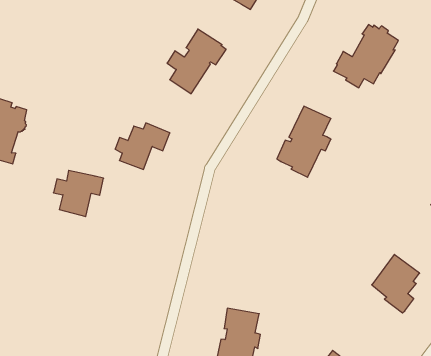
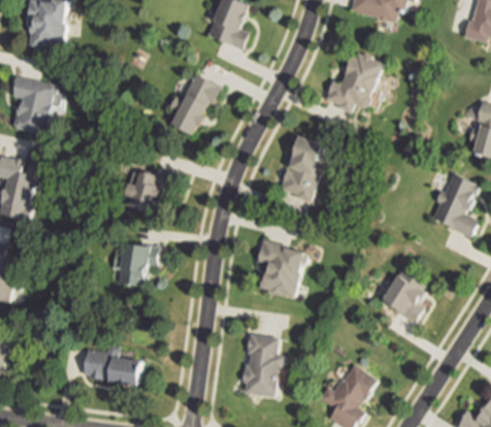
building: none -> [11,77,54,133]
building: [53,170,104,217] -> [111,243,158,286]
building: none -> [258,239,305,297]
building: none -> [83,343,140,385]

